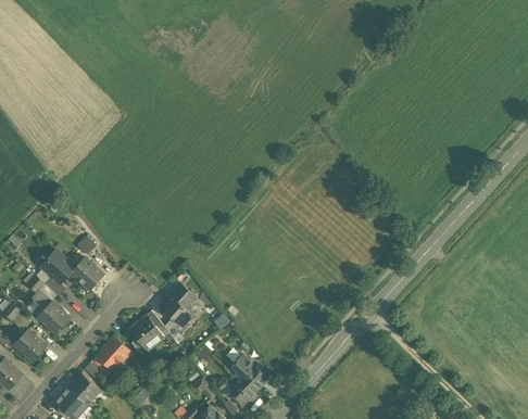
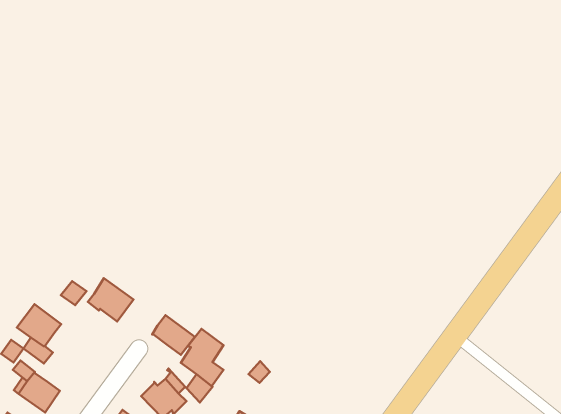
building: [70,256,104,290] -> [88,278,134,321]
building: none -> [152,315,195,355]

